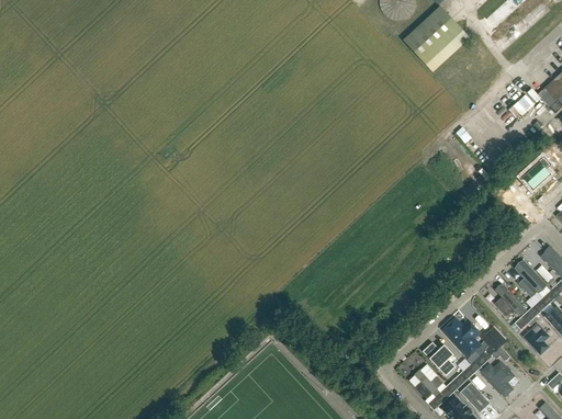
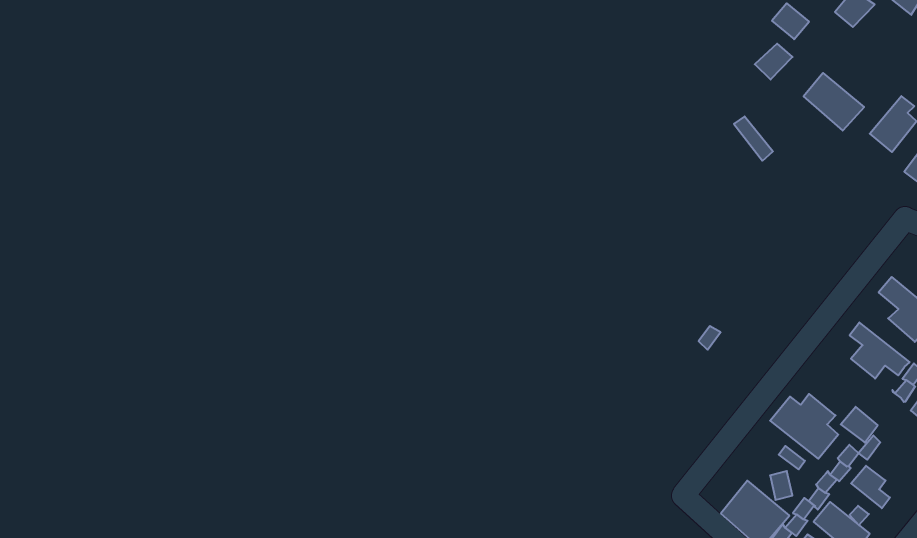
building: none -> [804,73,864,131]

